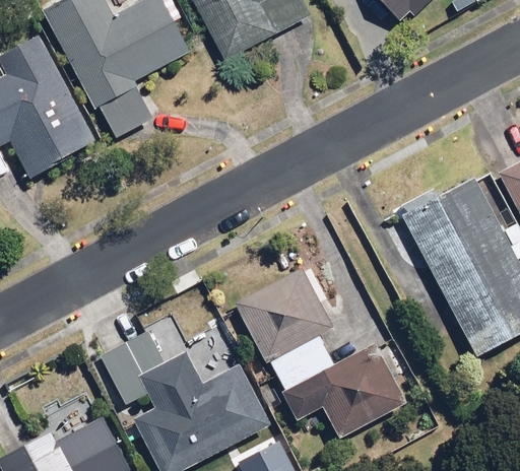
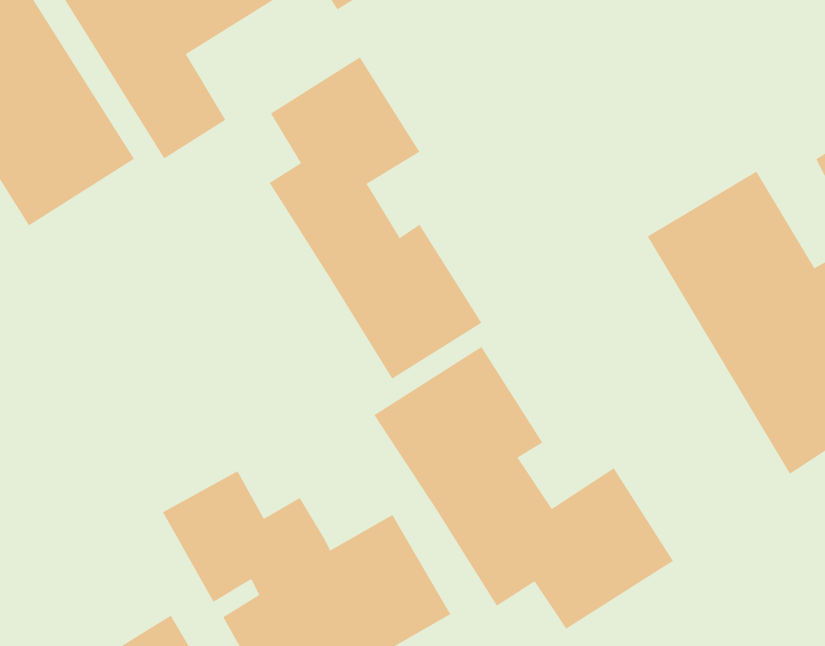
building: none -> [269,56,482,380]

